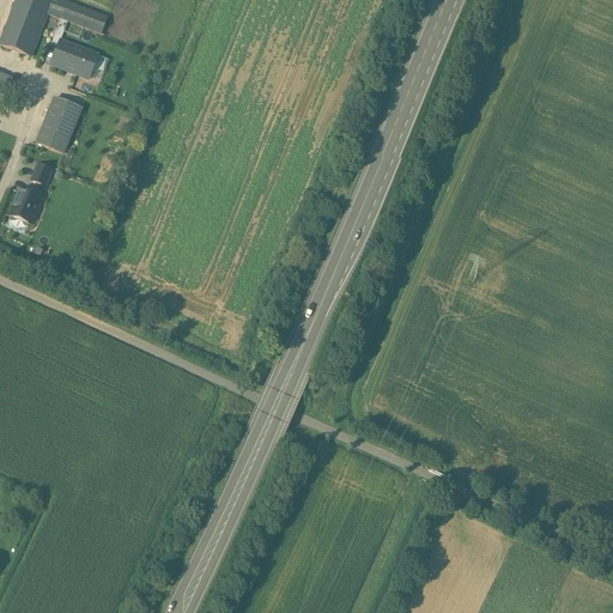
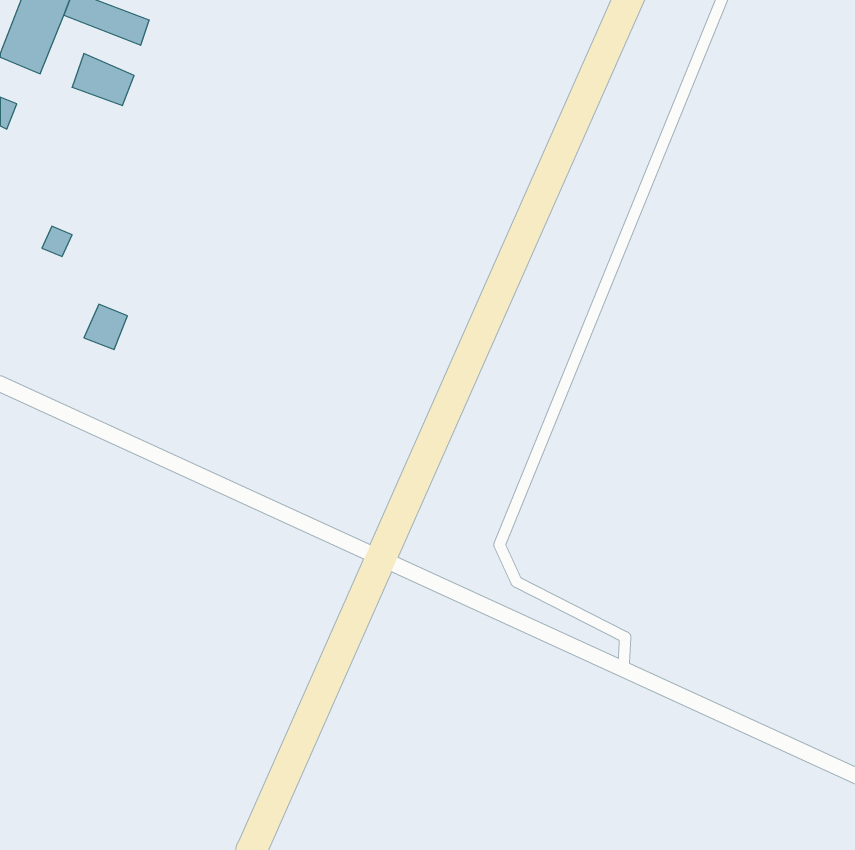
building: [37,95,83,151] -> none
building: [10,188,41,220] -> [84,304,127,349]

